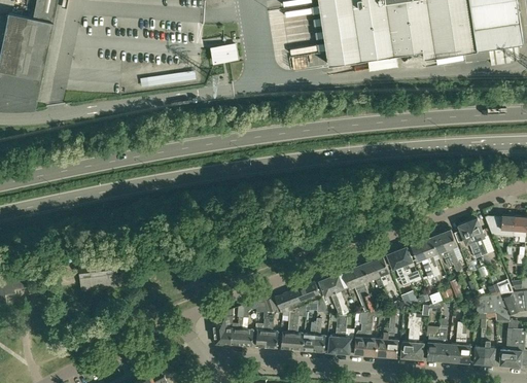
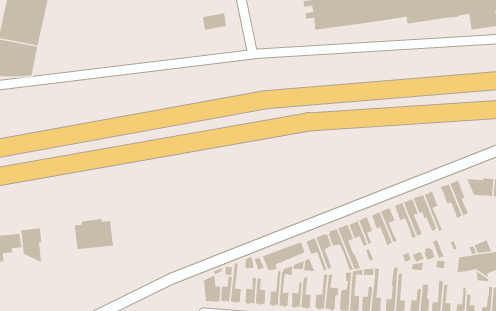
building: none -> [20,228,42,263]

